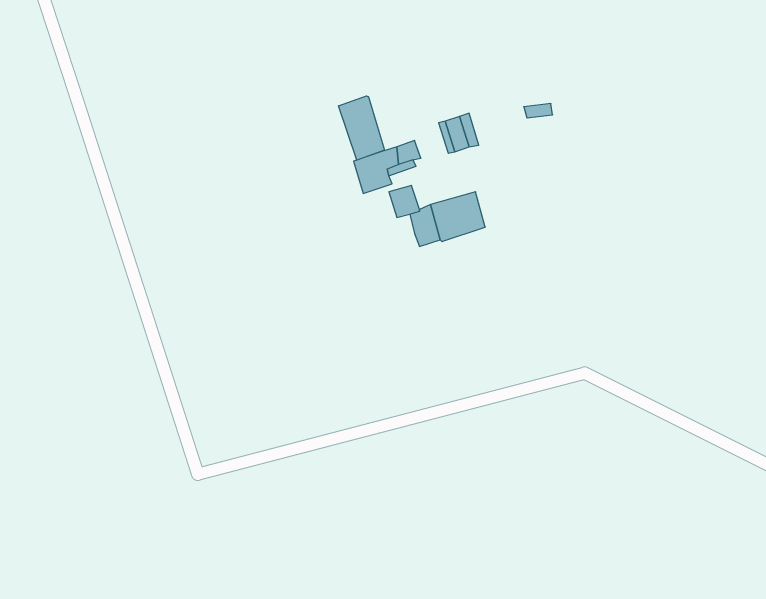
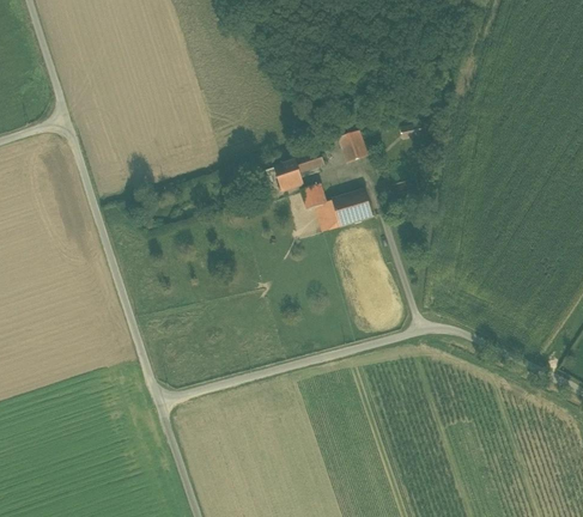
building: [339,96,385,160] -> none

